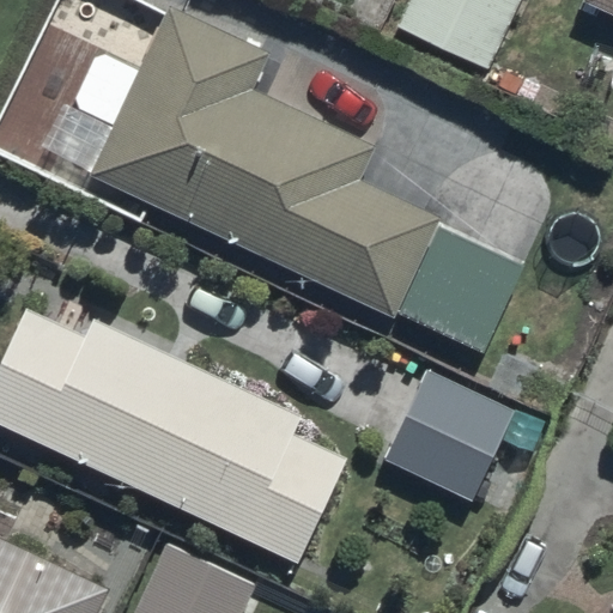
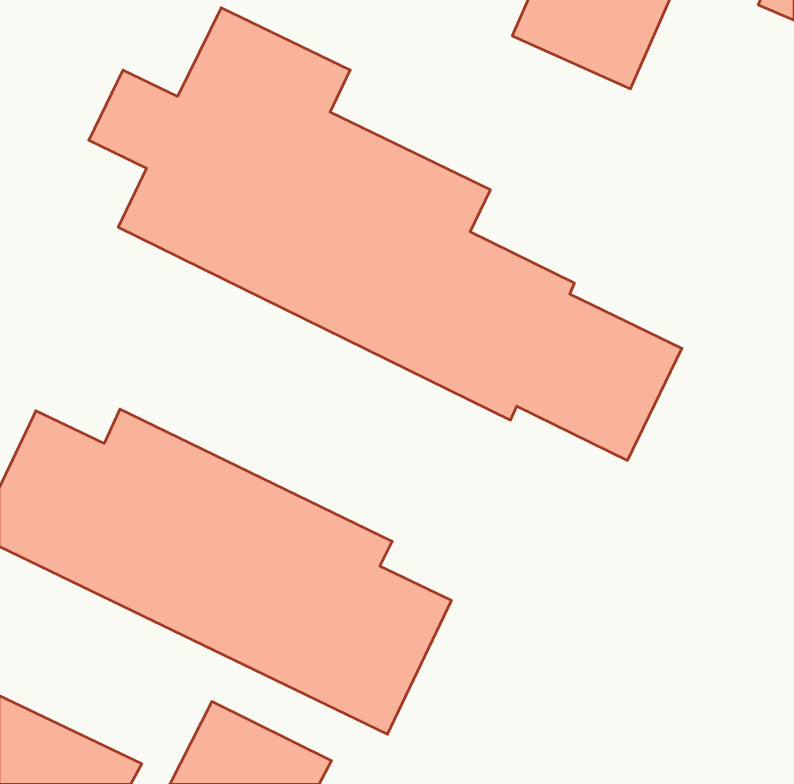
building: [381,368,516,500] -> none

